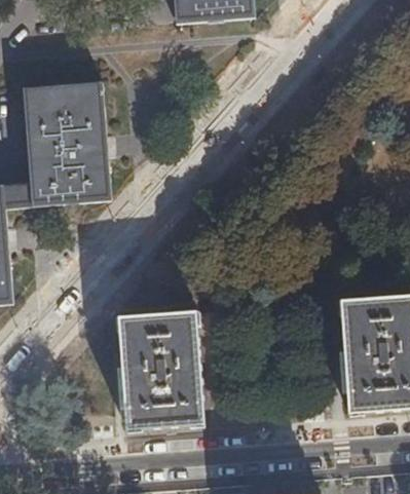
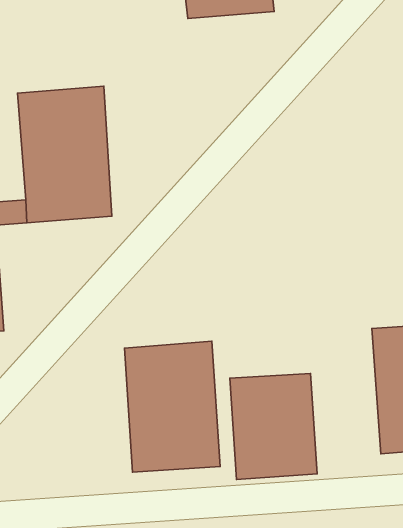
building: none -> [230,373,317,480]

